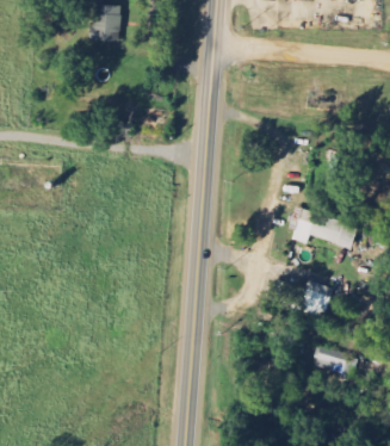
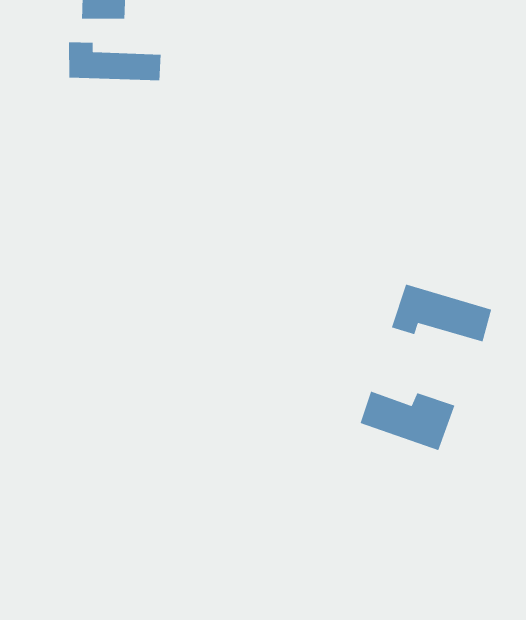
building: none -> [68,42,162,81]
building: [315,347,348,371] -> none

